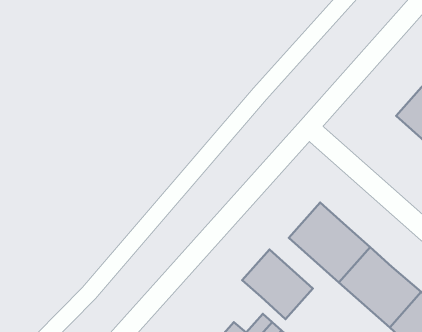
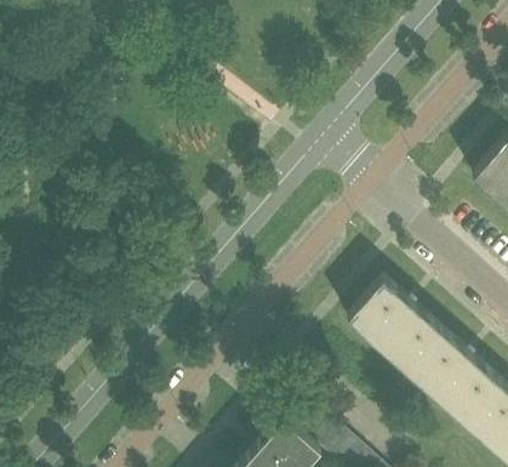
building: [242,249,313,319] -> none

